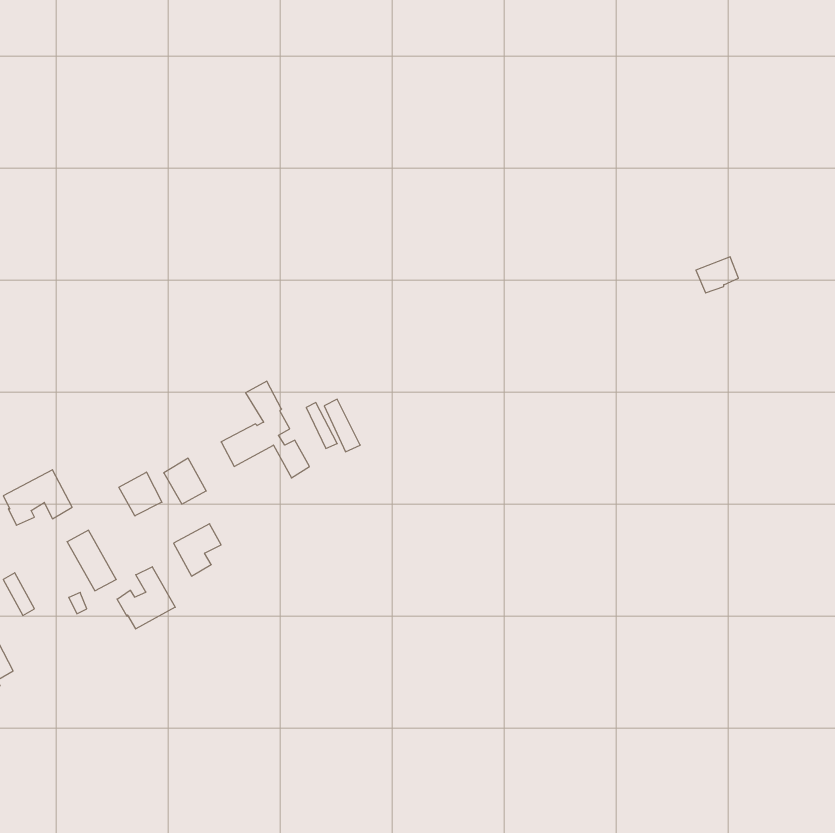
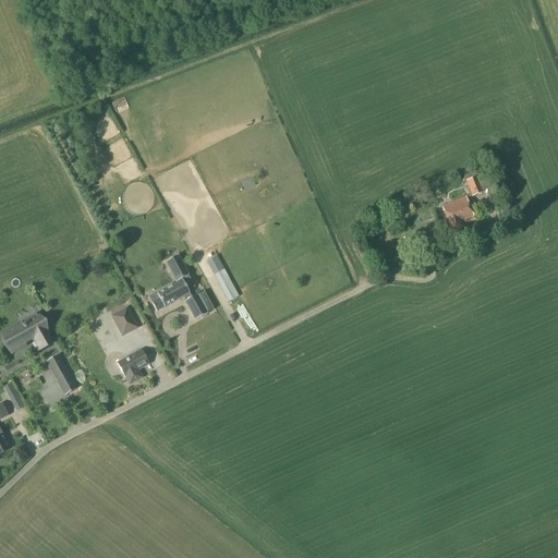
building: none -> [440,195,474,230]
building: [119,472,162,516] -> none
building: [117,567,175,629] -> none

